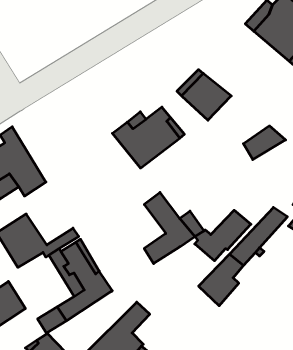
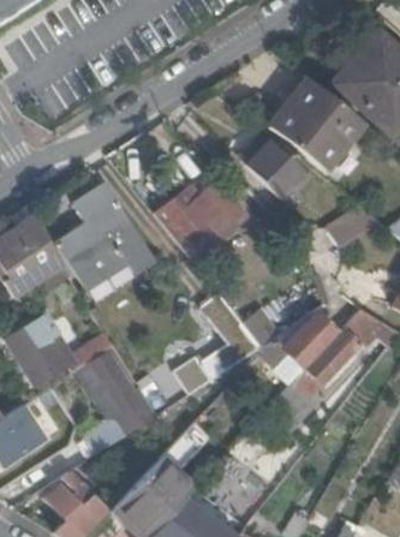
building: none -> [267,77,360,168]
building: none -> [58,185,153,287]

